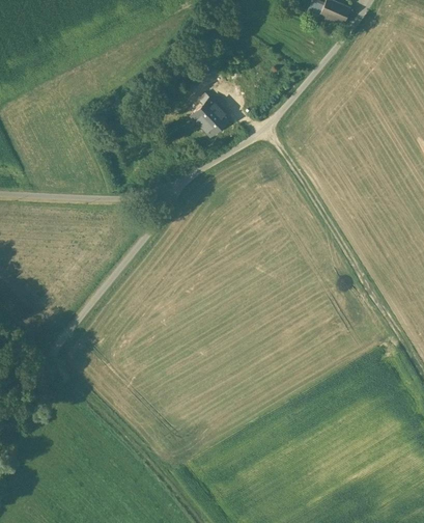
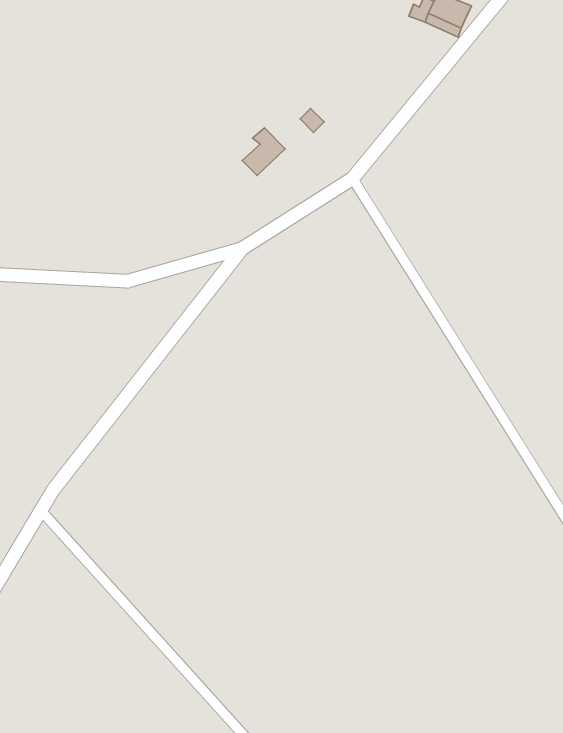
building: [202,107,231,136] -> none

